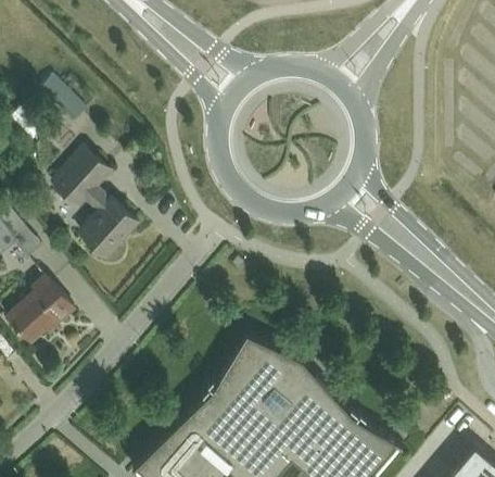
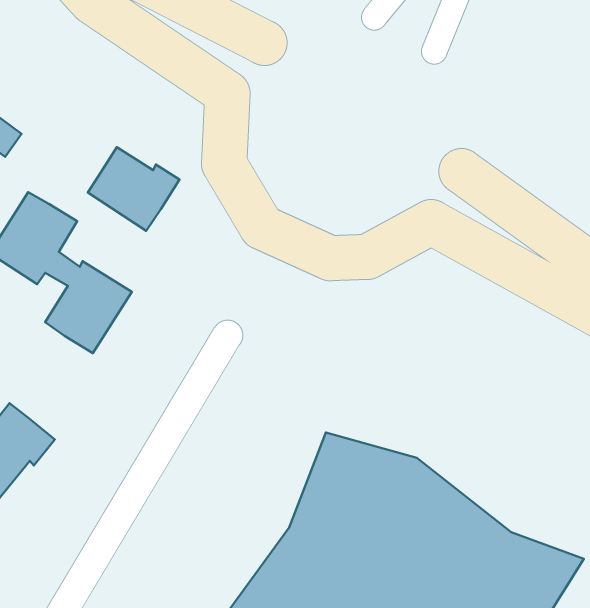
building: none -> [88,147,179,231]

